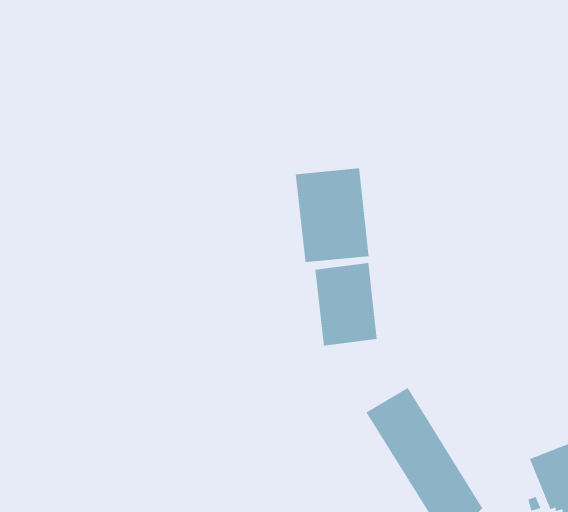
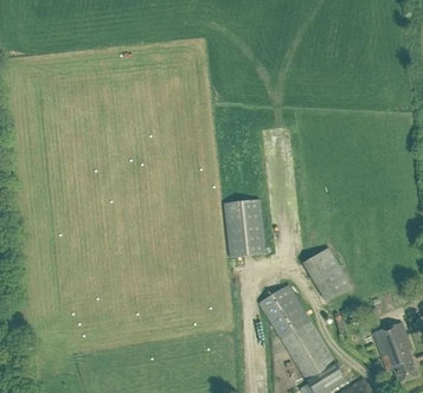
building: [295,168,369,263] -> none
building: none -> [303,247,352,301]

